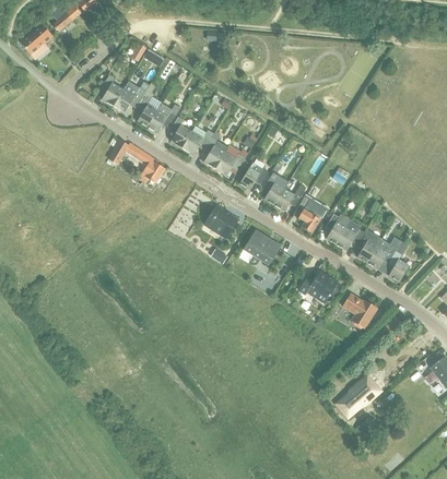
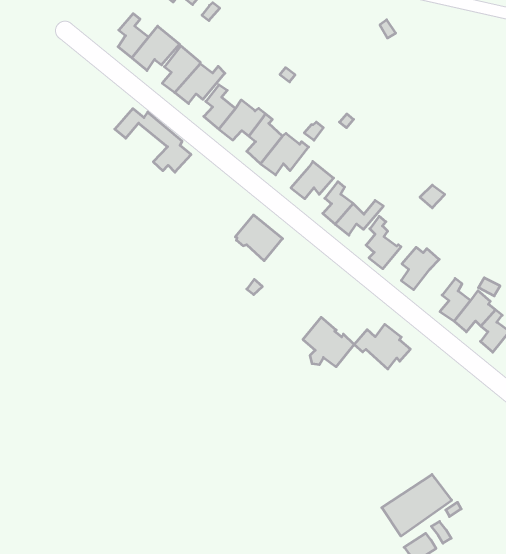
building: [336,219,364,250] -> none
building: [243,230,280,264] -> [303,317,354,367]
building: [342,292,377,327] -> none

